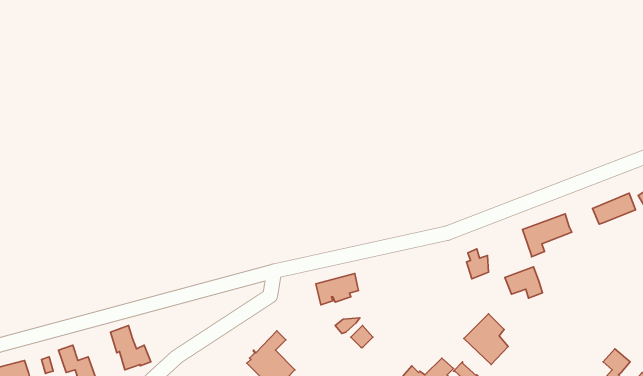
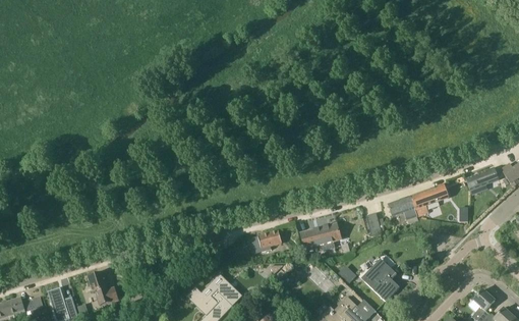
building: none -> [300,222,341,252]
building: [505,267,543,298] -> [388,195,417,219]

